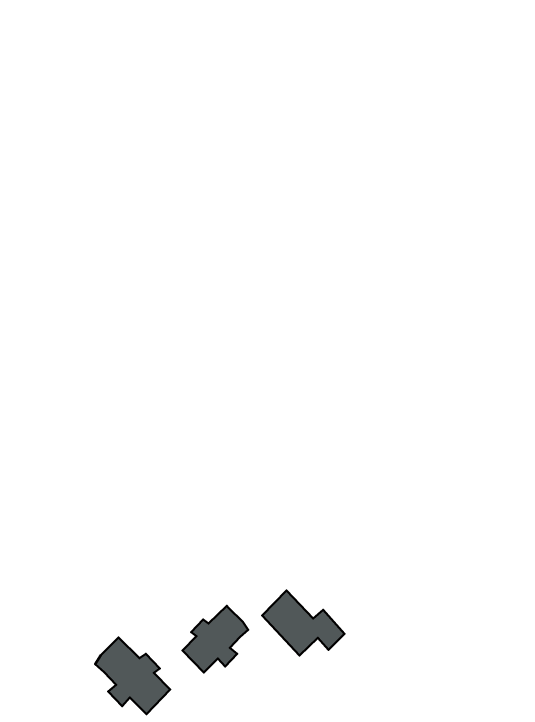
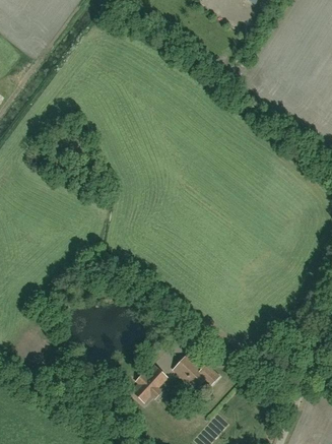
building: [95,637,170,714] -> none

